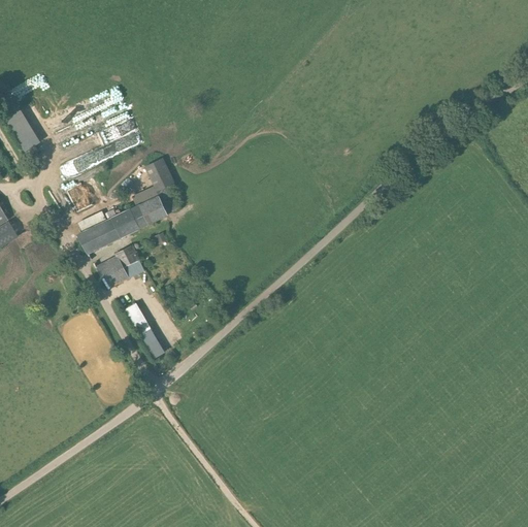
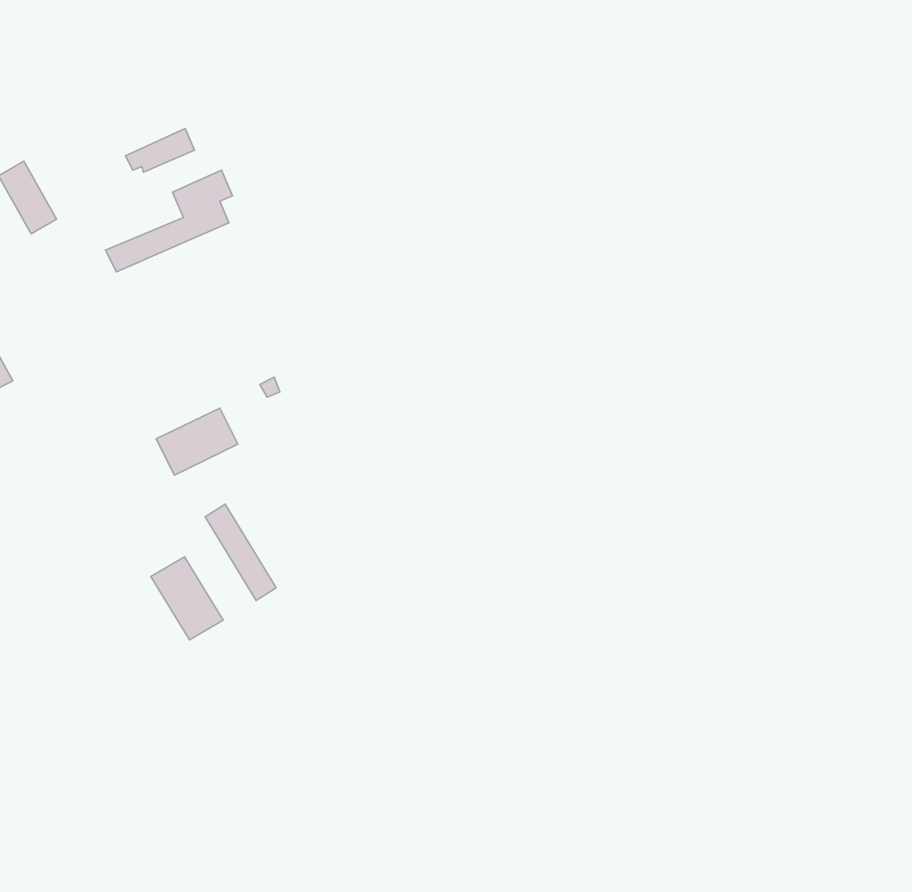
building: [146,159,174,190] -> none
building: [79,196,168,254] -> none
building: none -> [151,557,223,640]

